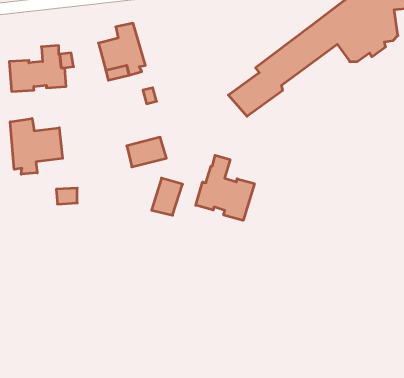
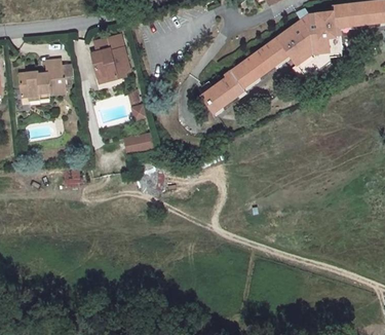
building: [10,118,63,174] -> none
building: [196,155,254,220] -> none

